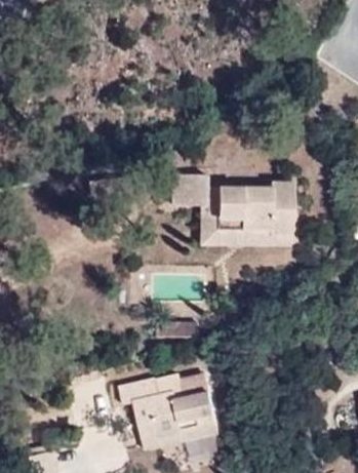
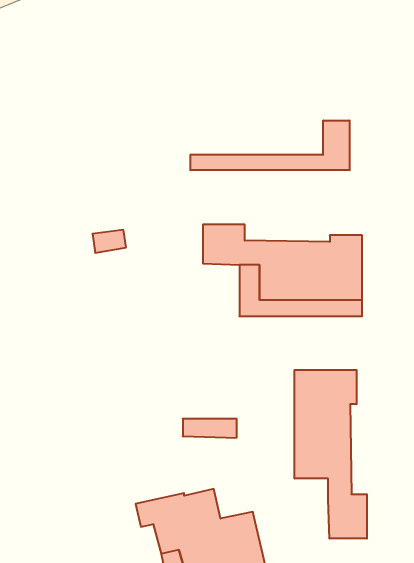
building: none -> [190,120,350,170]
building: none -> [295,370,367,539]

